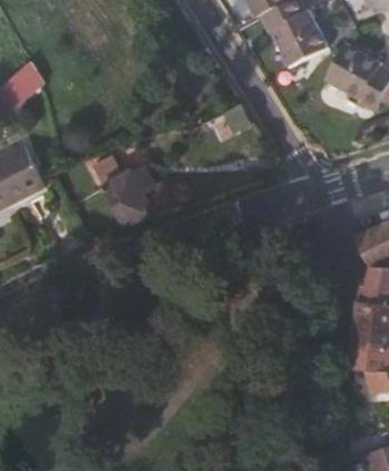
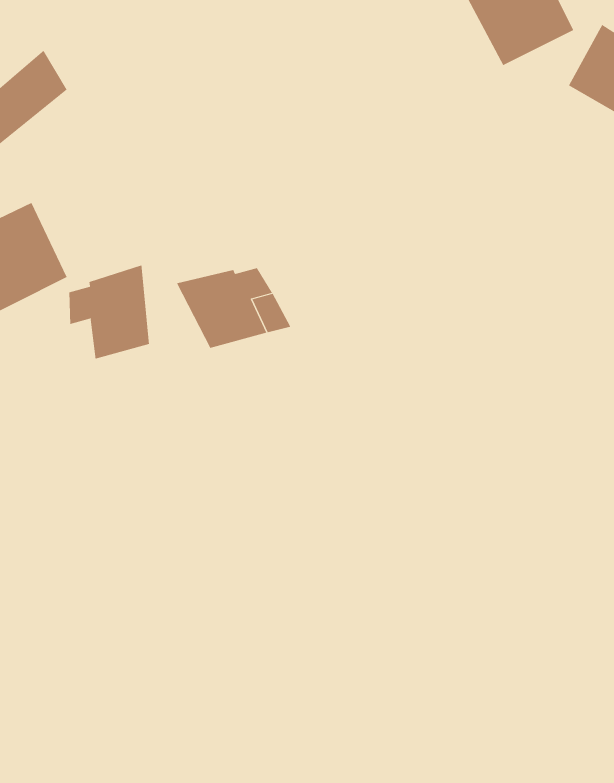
building: none -> [69,265,149,360]

